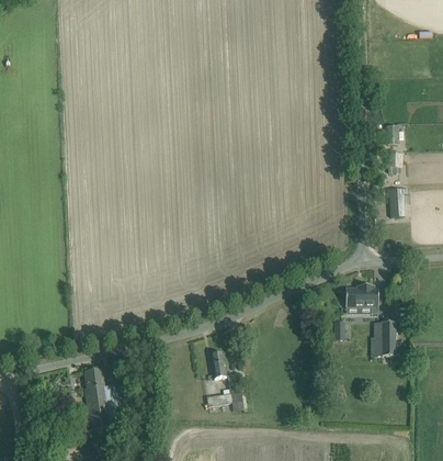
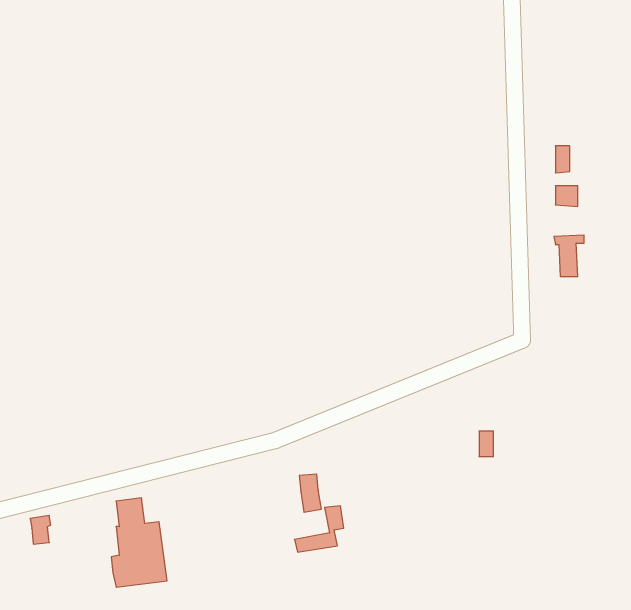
building: [340,285,373,306] -> none
building: [372,322,396,355] -> none

